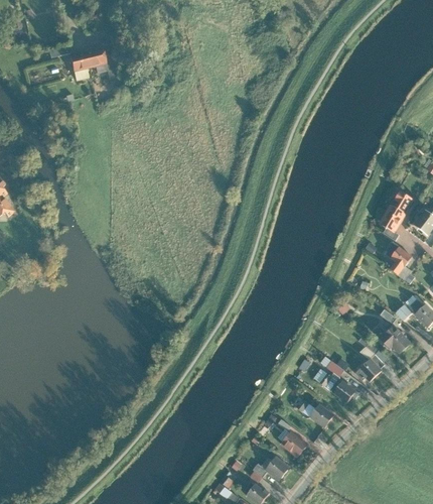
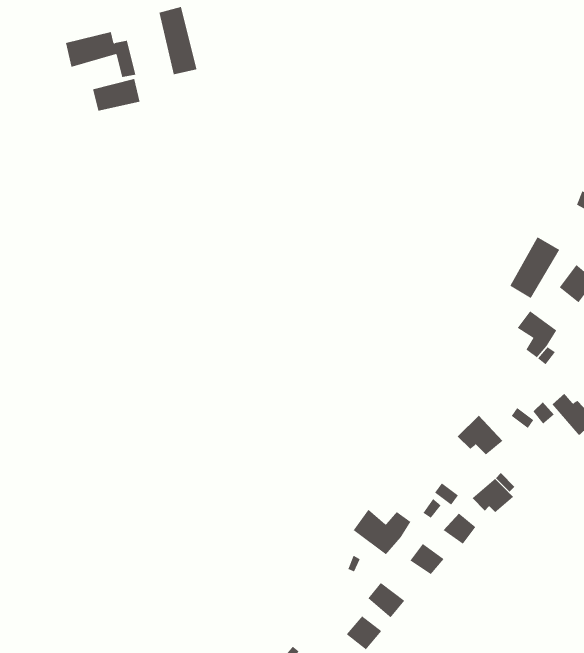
building: none -> [159,6,197,75]
building: none -> [92,78,140,111]
building: [379,326,411,354] -> [457,415,503,455]
building: none -> [353,509,411,555]

